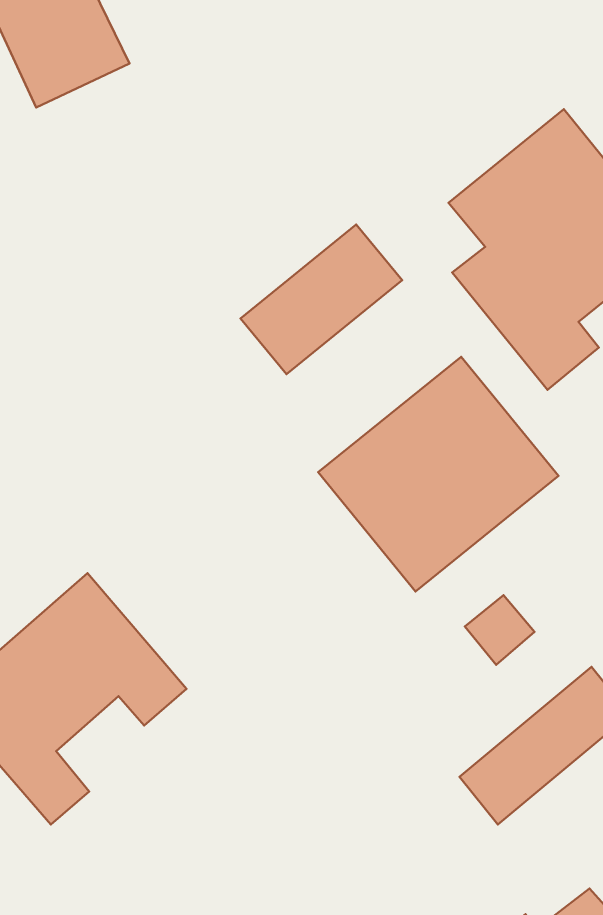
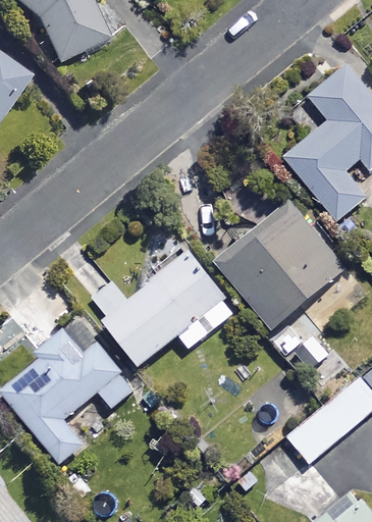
building: [240,225,402,374] -> none
building: none -> [95,250,235,366]

